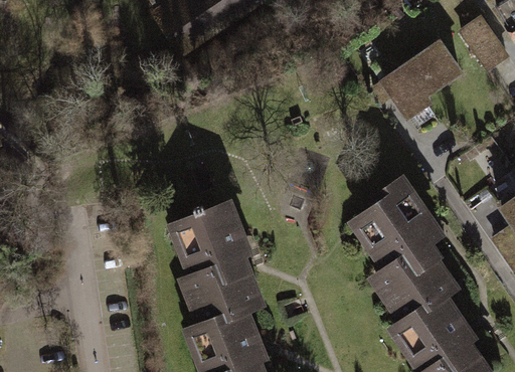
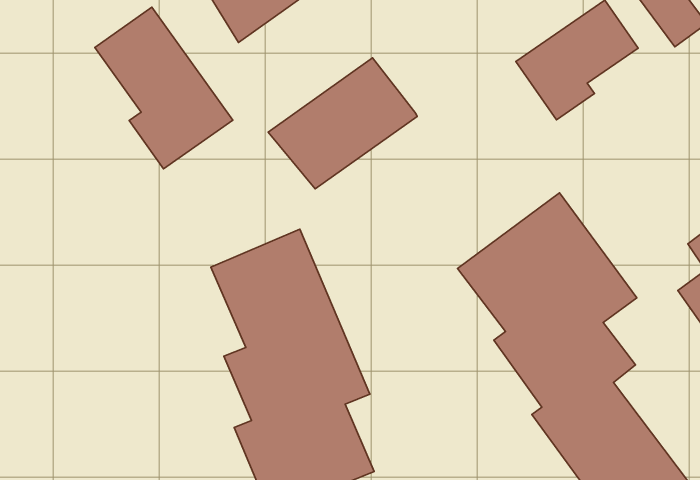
building: none -> [95,7,233,169]
building: none -> [268,58,417,189]

